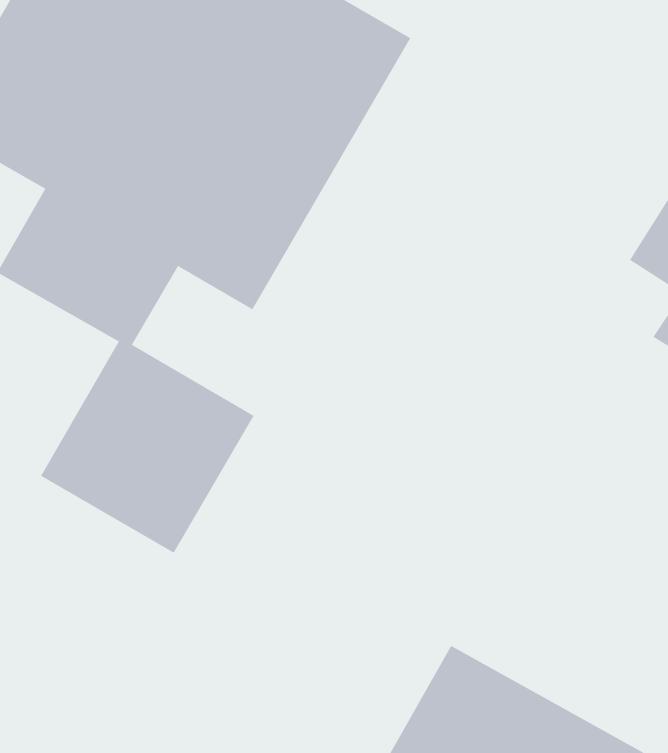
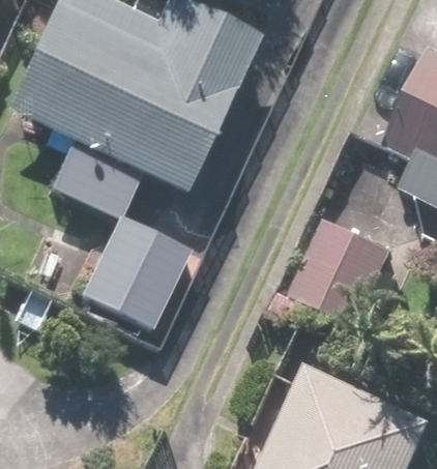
building: none -> [290,216,397,328]

